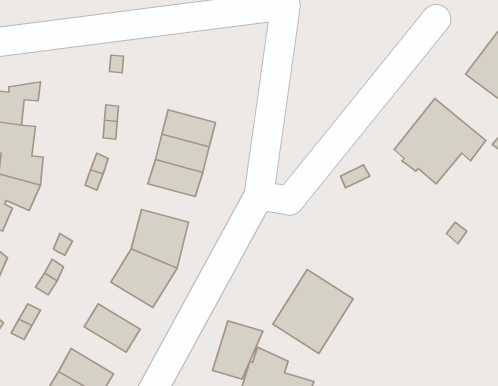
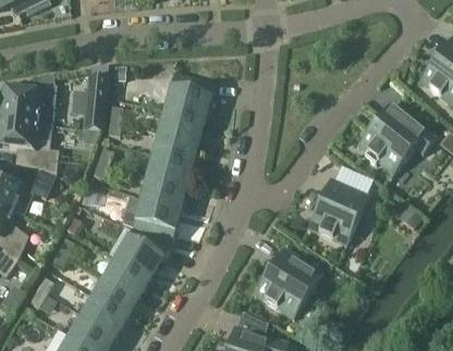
building: none -> [163,72,213,121]
building: none -> [82,75,107,129]
building: none -> [140,173,186,205]
building: none -> [307,177,367,245]
building: none -> [103,256,150,297]
building: [213,321,263,379] -> none
building: none -> [81,294,127,335]

